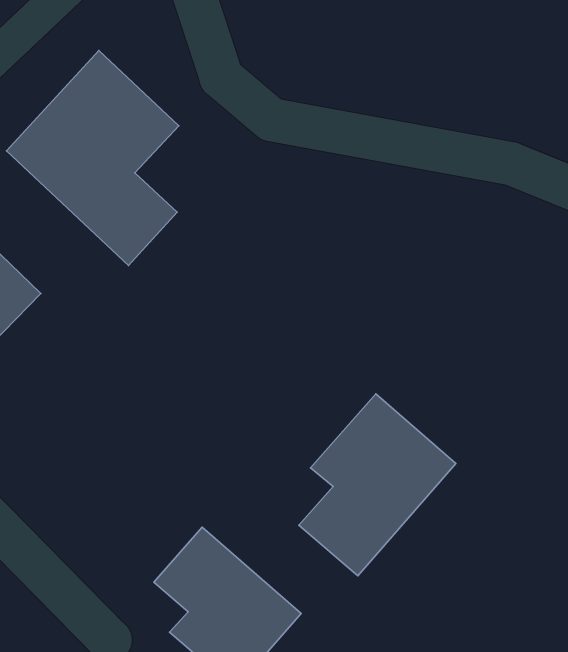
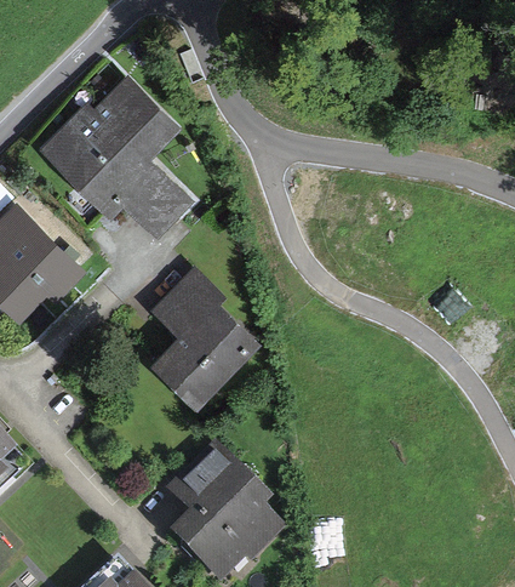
building: none -> [148,274,262,411]
building: [299,394,456,576] -> none

